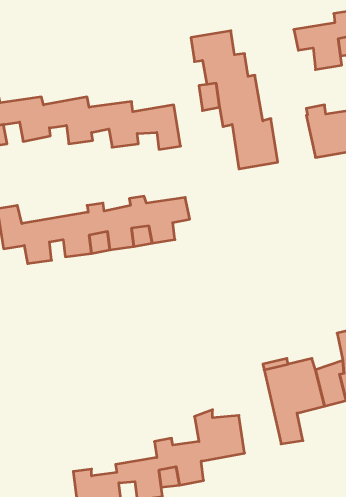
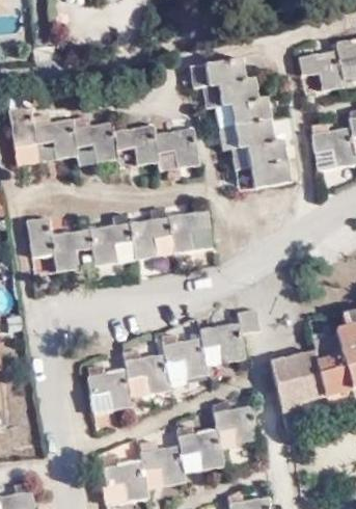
building: none -> [88,316,258,407]

